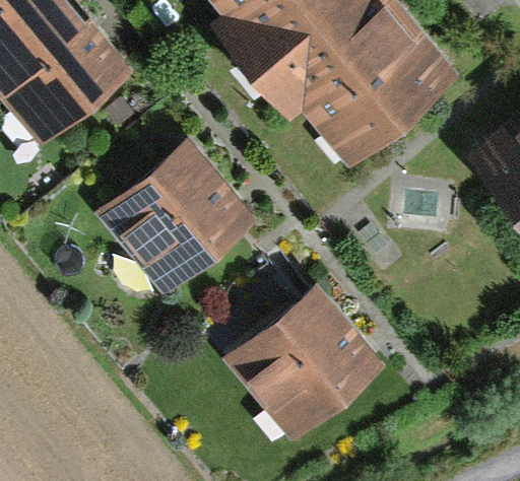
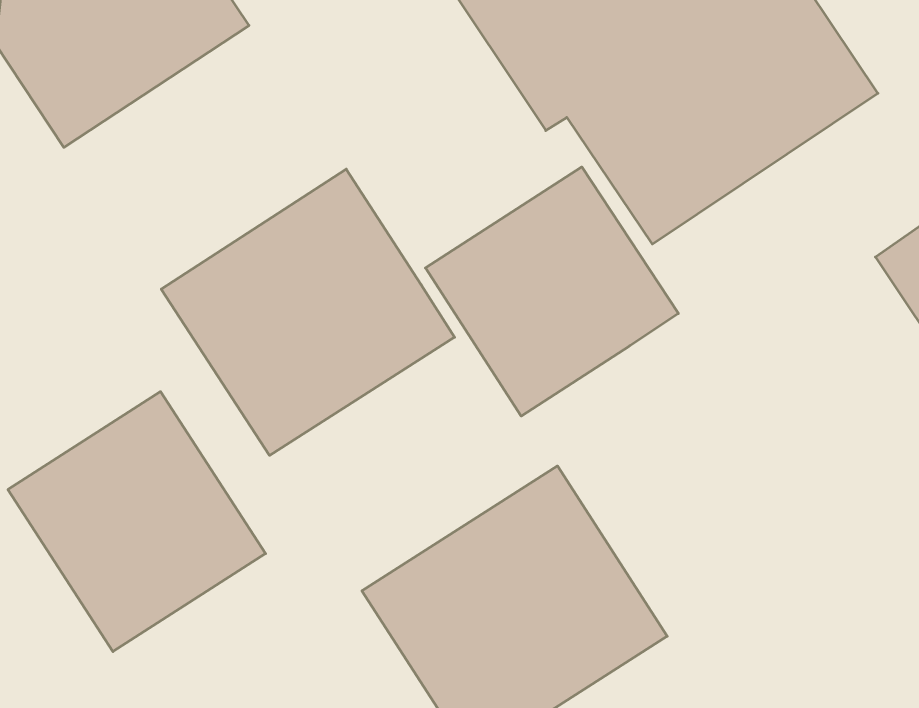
building: none -> [425,167,678,416]
building: none -> [8,392,266,652]

